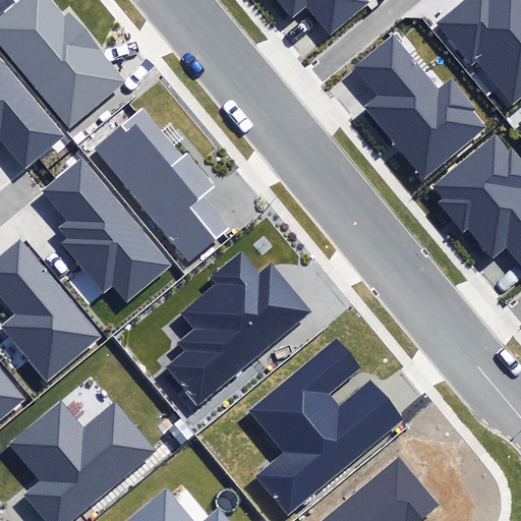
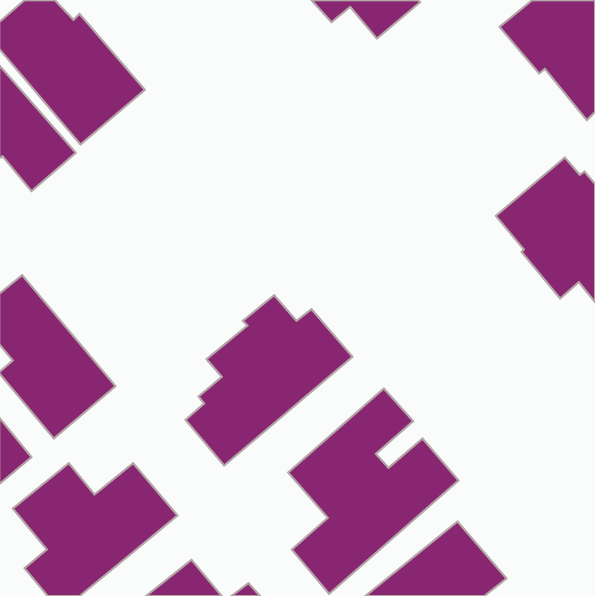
building: [354,34,483,176] -> none
building: [93,107,227,259] -> none
building: [40,160,172,303] -> none

